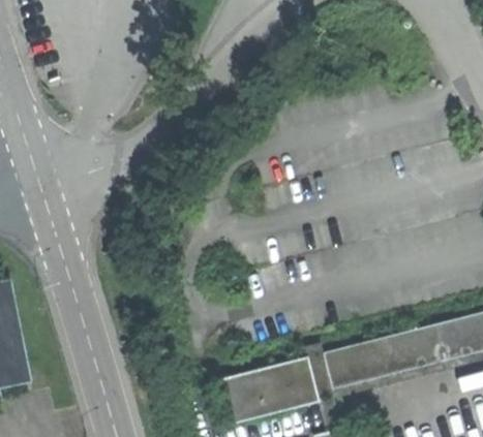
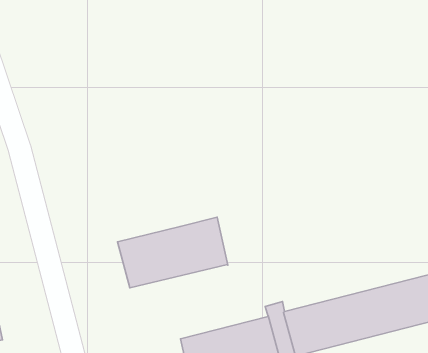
building: none -> [118,217,228,288]

